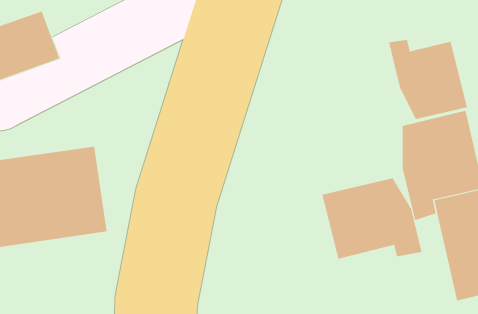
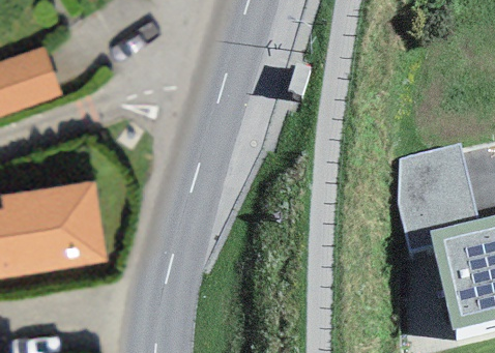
building: [389,39,467,120] -> none
building: [322,177,422,259] -> none

